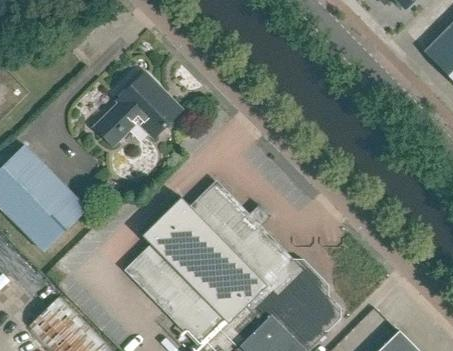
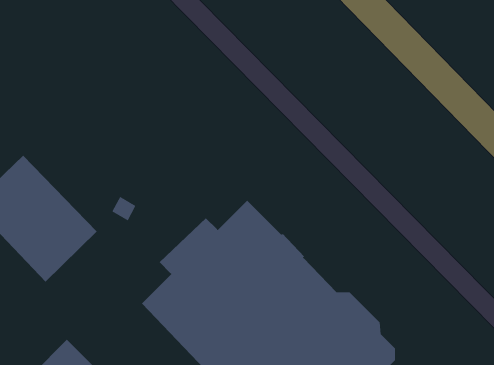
building: [95,73,176,145] -> none

